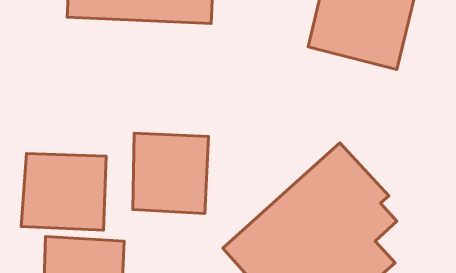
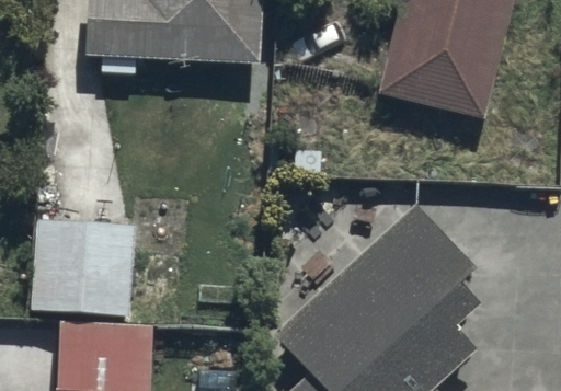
building: [133,133,209,213] -> none

